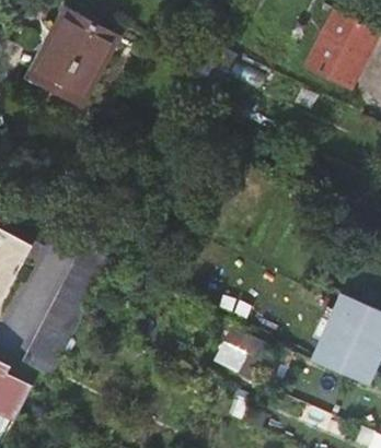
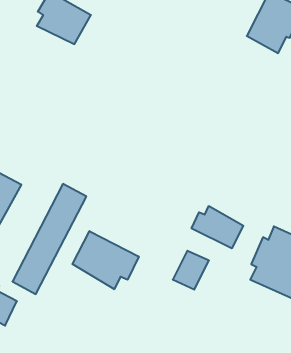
building: [36,51,97,104] -> none
building: none -> [192,206,243,248]
building: none -> [72,231,139,289]

